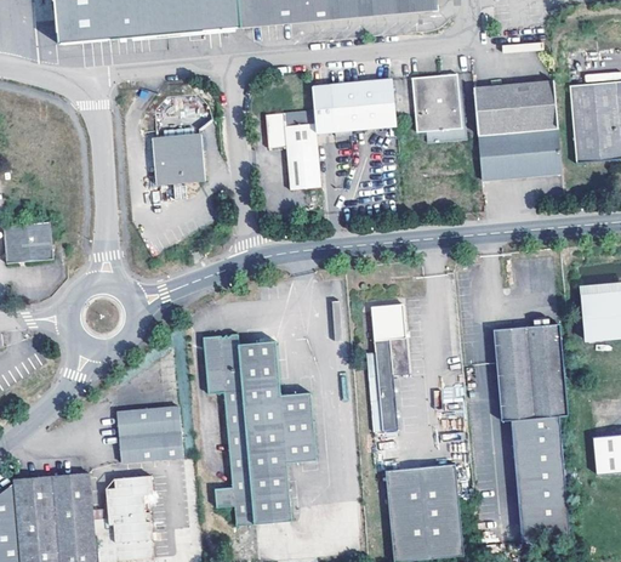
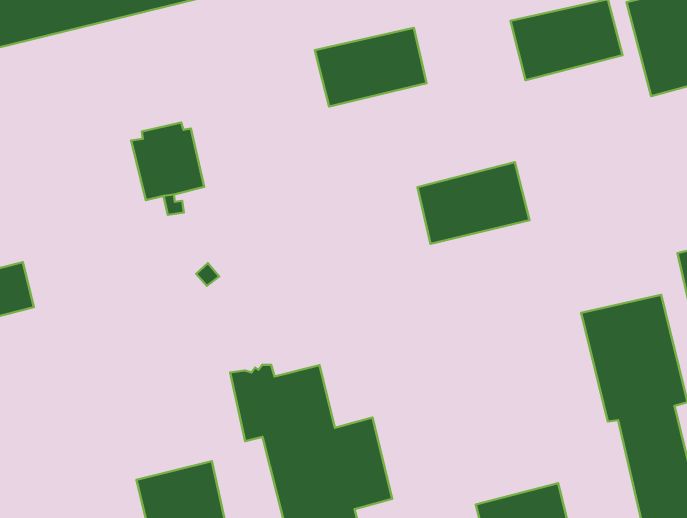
building: [411,73,461,131] -> none
building: [266,109,320,189] -> none
building: [477,126,563,182] -> [418,162,529,244]
building: [366,303,410,453] -> none

